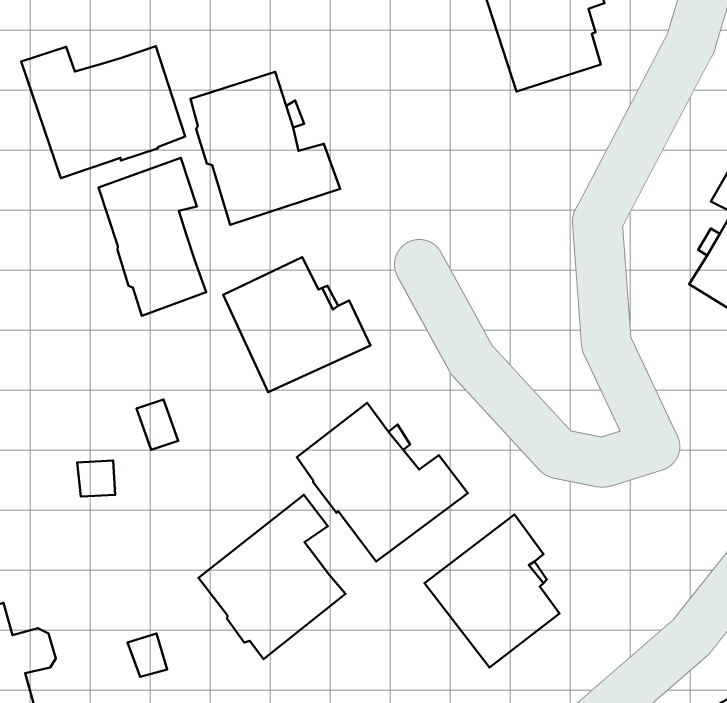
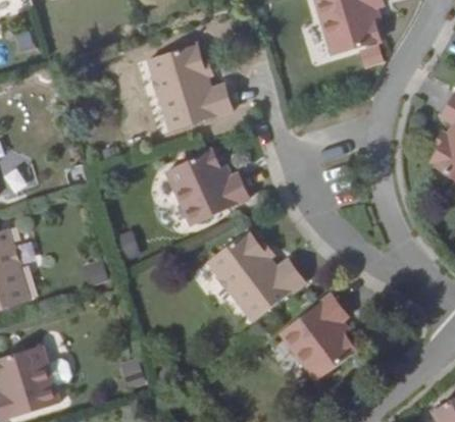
building: [21,46,185,178] -> none
building: [98,158,206,316] -> none
building: [198,495,345,659] -> none

